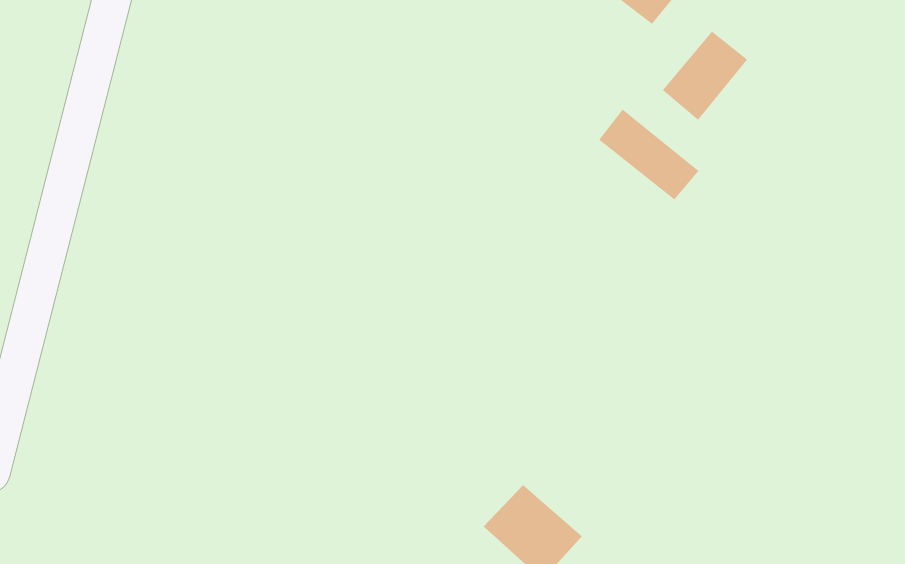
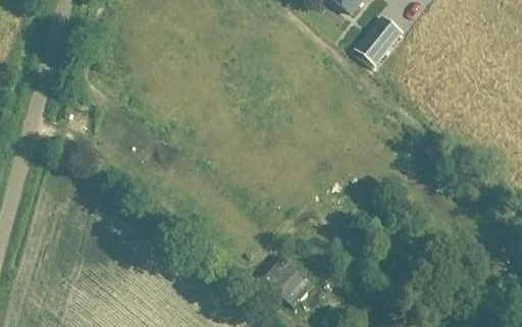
building: [598,108,699,200] -> none

